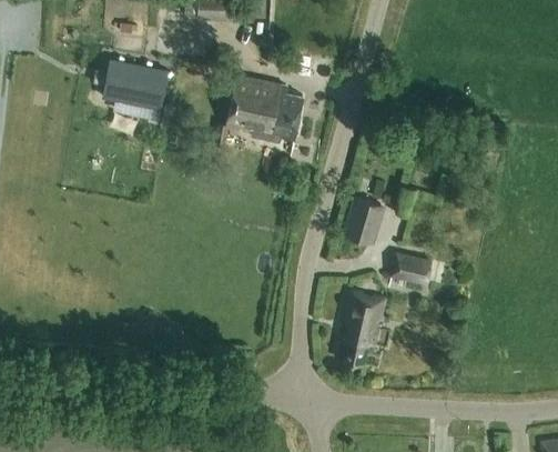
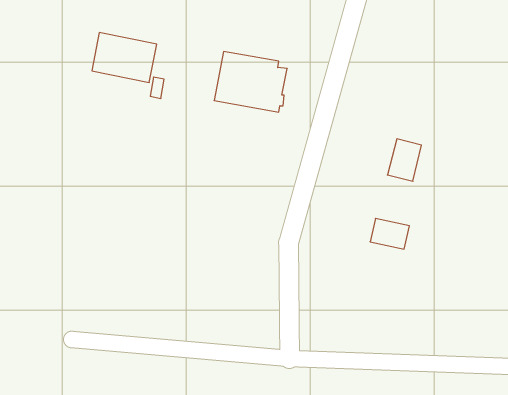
building: [343,198,378,242] -> [387,139,421,181]
building: [335,293,387,366] -> none

